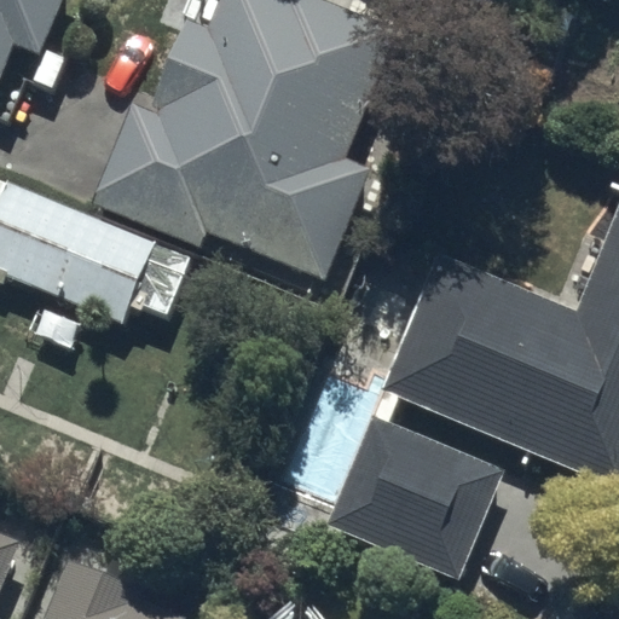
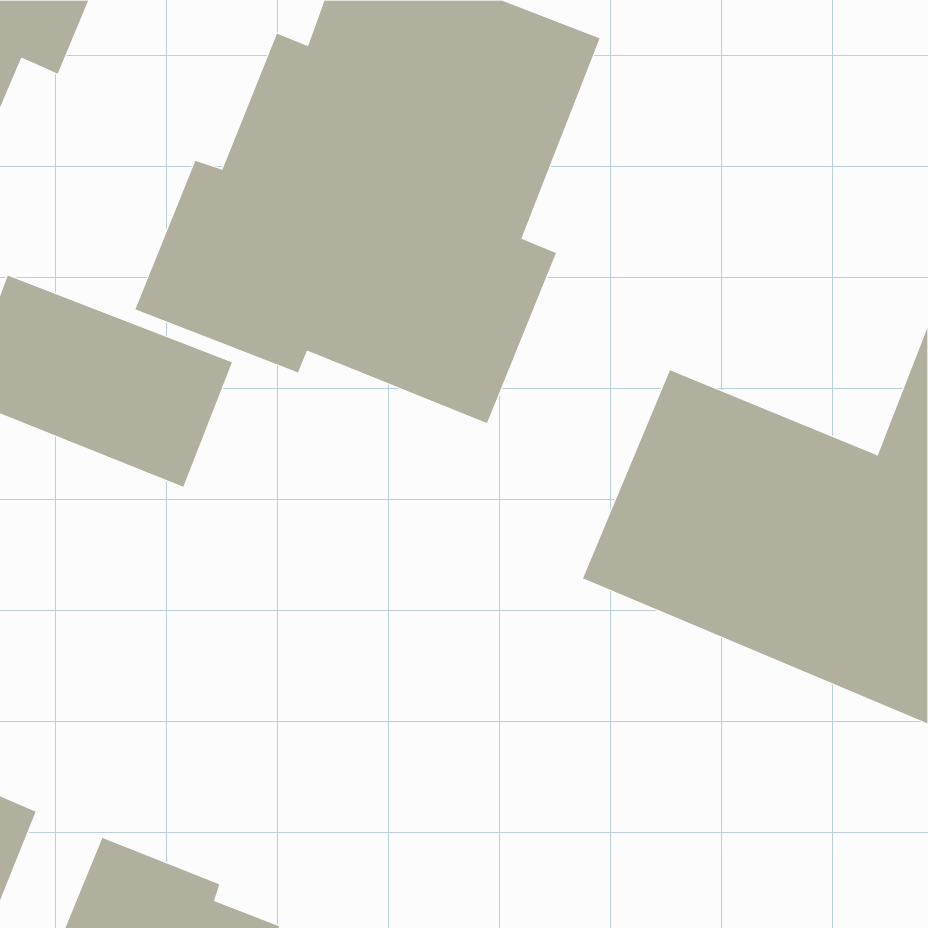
building: [323,412,507,582] -> none

